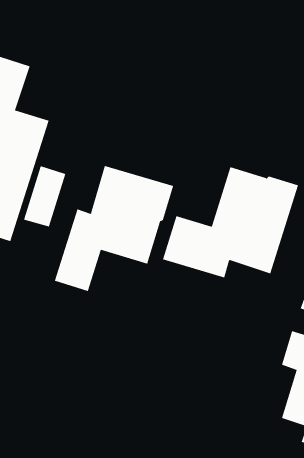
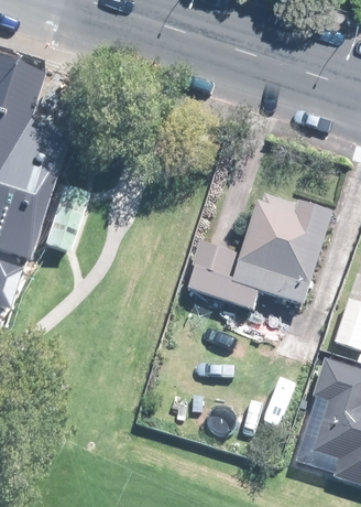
building: [54,165,174,292] -> none

